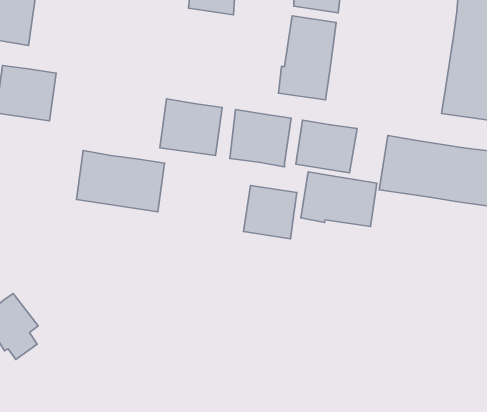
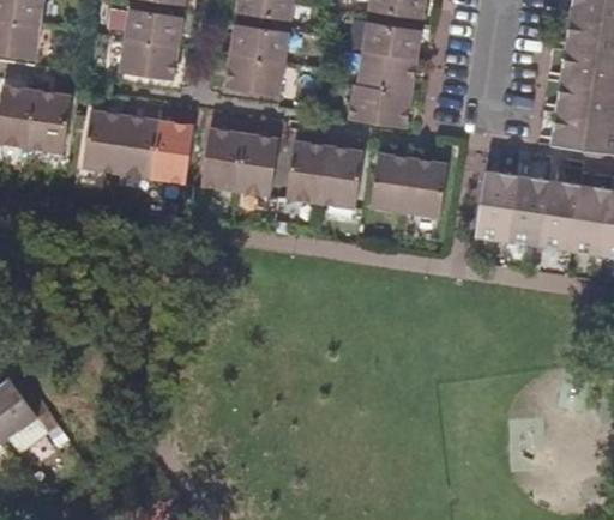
building: none -> [119,8,183,79]
building: none -> [224,24,290,96]
building: [76,151,165,212] -> [83,108,193,185]
building: [301,172,377,226] -> none
building: [243,185,297,239] -> none

